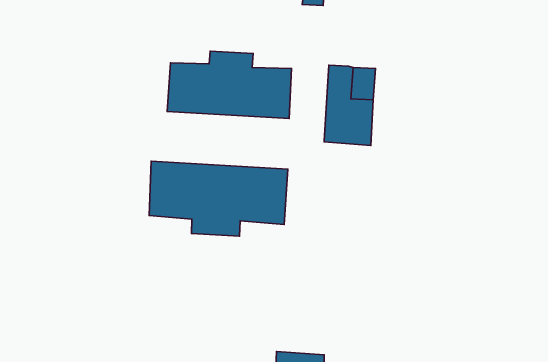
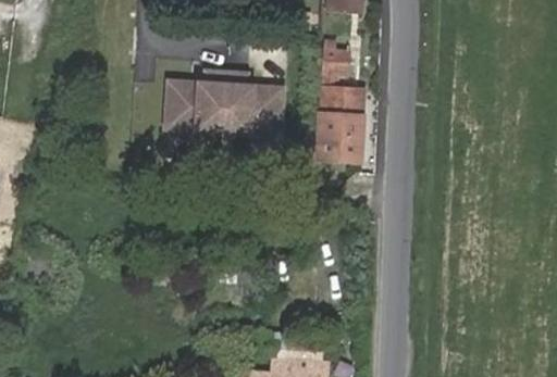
building: none -> [321,40,348,87]
building: [149,161,288,236] -> none

